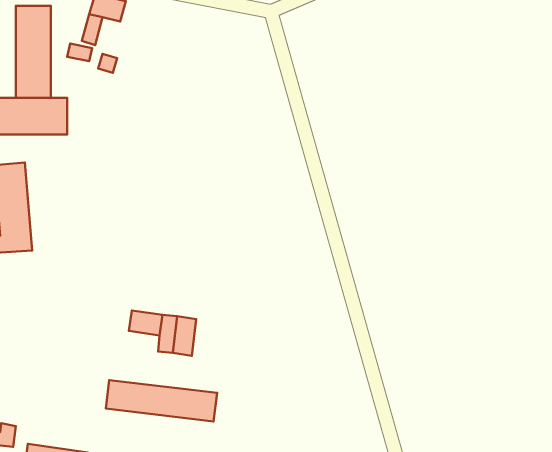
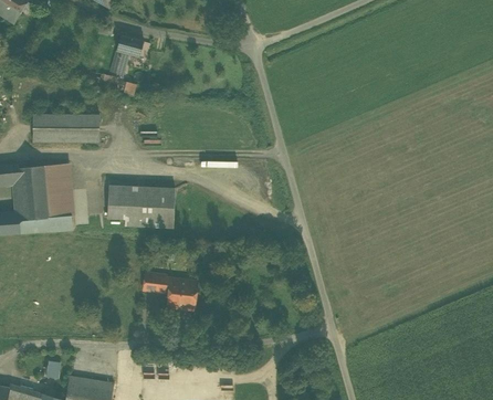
building: [16,6,51,98] -> none
building: none -> [106,185,175,229]
building: [106,380,217,421] -> none

